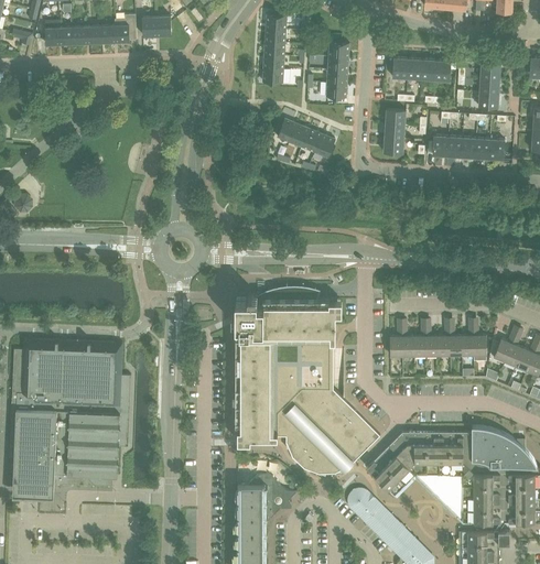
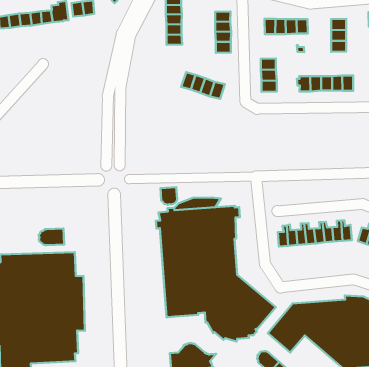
building: none -> [160,187,177,205]
building: none -> [39,229,64,245]

